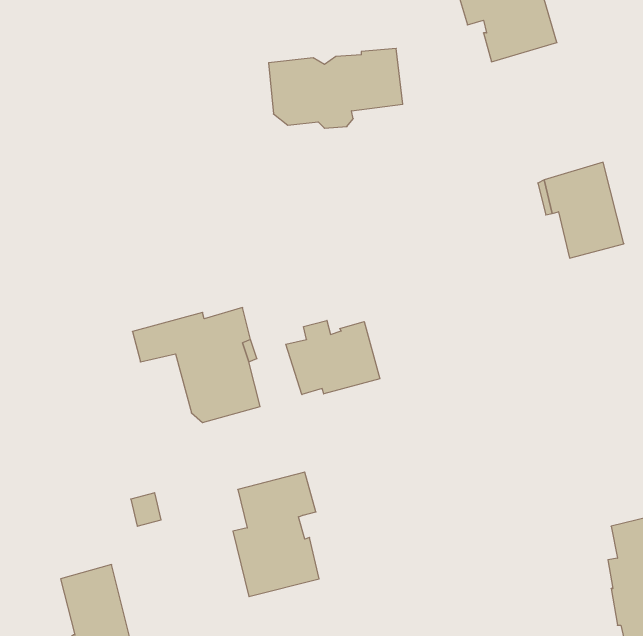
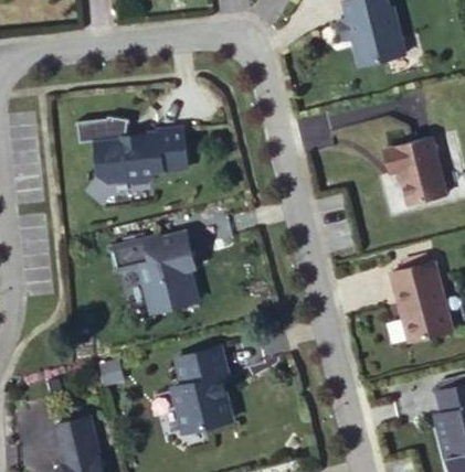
building: [269,48,403,128] -> [94,126,187,181]
building: [286,320,380,395] -> none
building: none -> [389,259,451,340]

